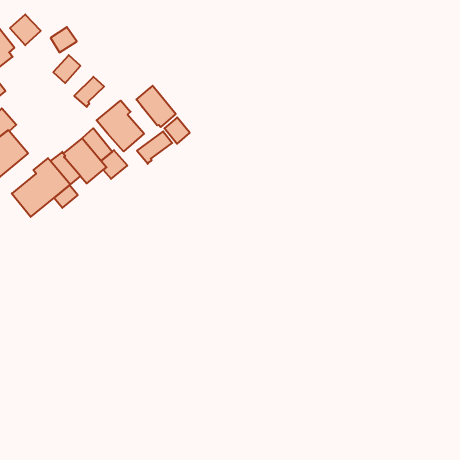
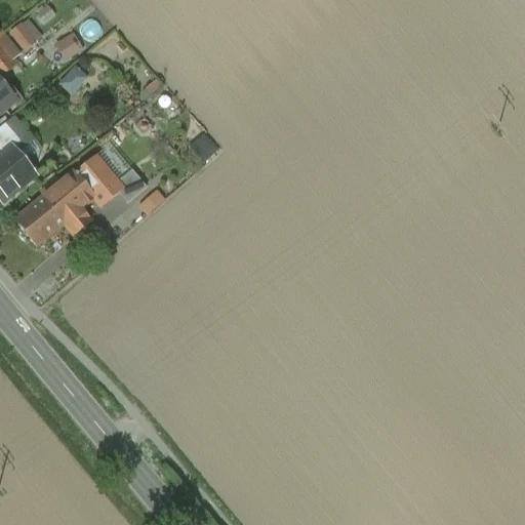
building: [74,77,104,107] -> none
building: [136,86,176,127] -> none
building: [97,101,144,151] -> none
building: [137,131,172,164] -> none

